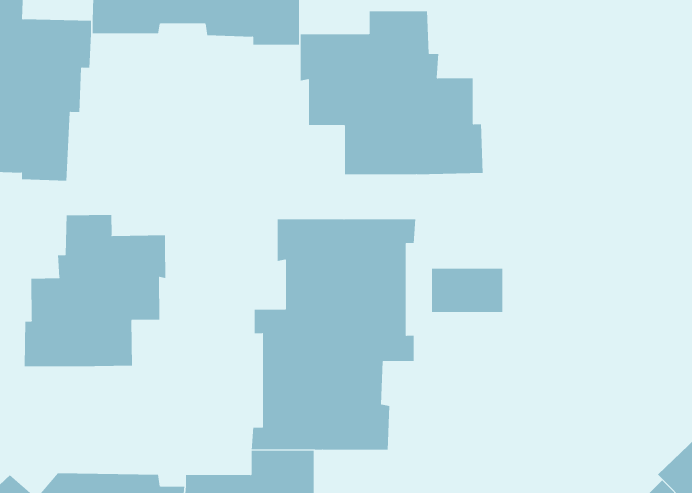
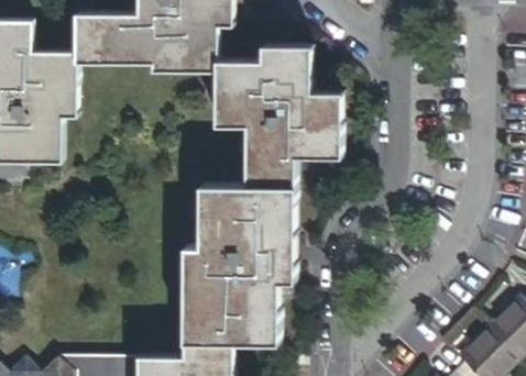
building: [24,214,166,367] -> none
building: [431,268,503,312] -> [246,157,295,187]

